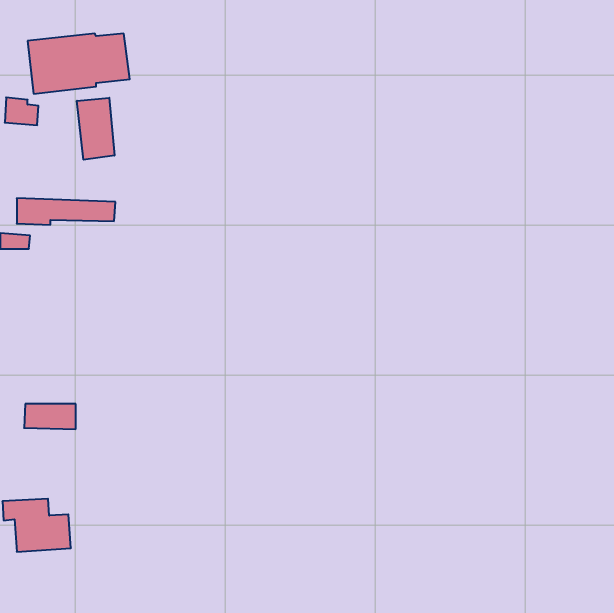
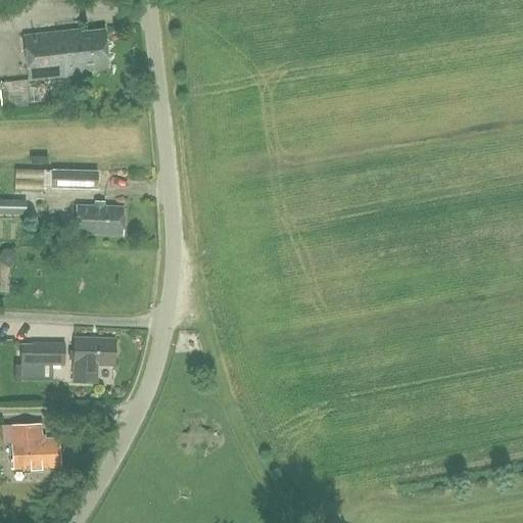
building: [77,98,114,160] -> none
building: none -> [75,204,125,235]
building: none -> [74,337,115,382]

